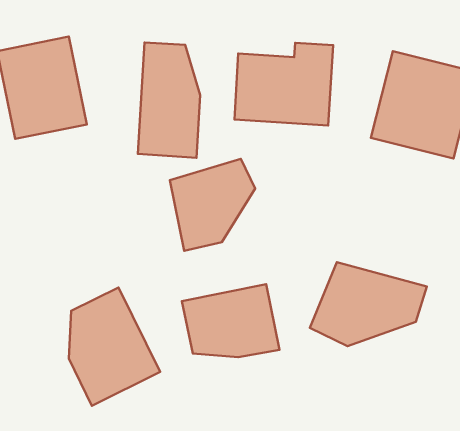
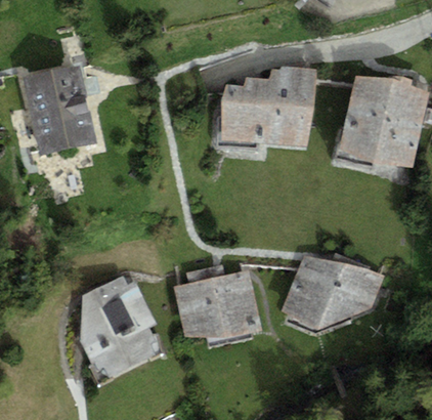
building: [138,43,200,158] -> none
building: [170,159,255,251] -> none

